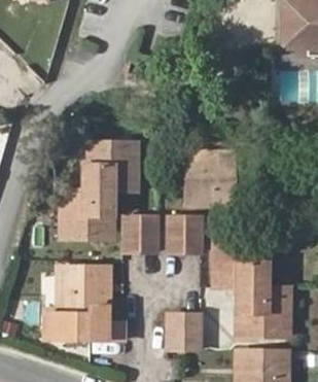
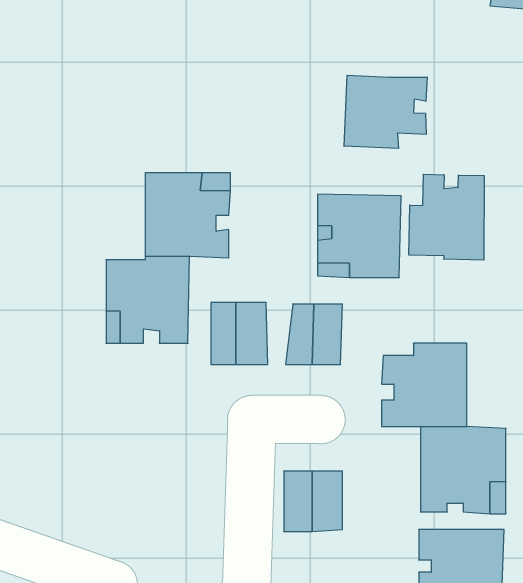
building: none -> [344,75,427,148]
building: none -> [409,174,484,260]
building: [44,268,122,343] -> none

